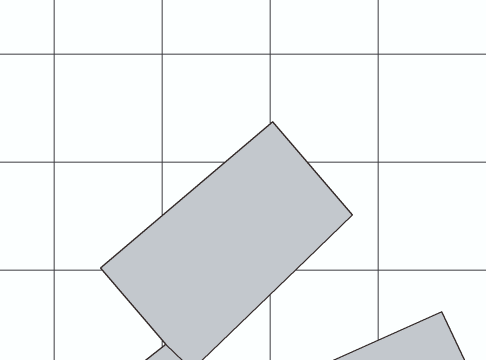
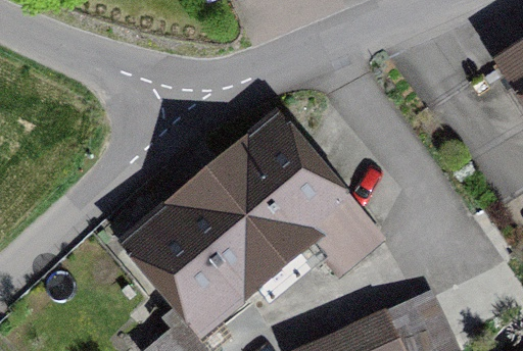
building: none -> [305,202,386,285]

